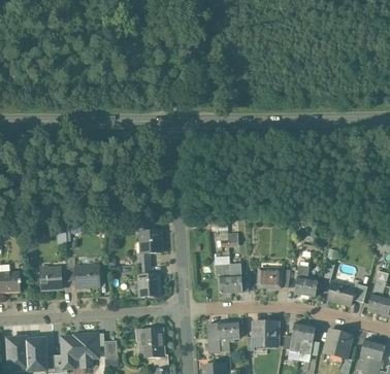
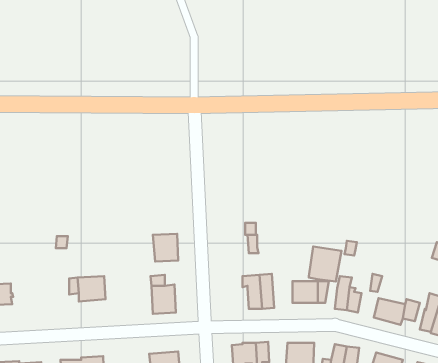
building: none -> [309,246,342,281]
building: [41,267,63,288] -> none

